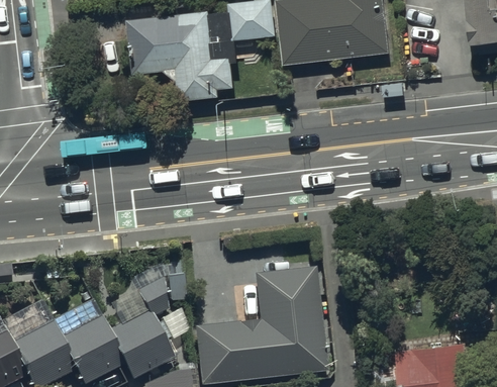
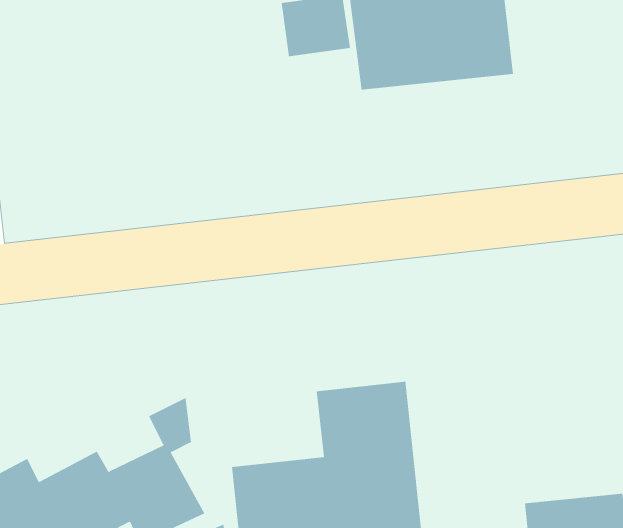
building: [127,10,234,100] -> none

